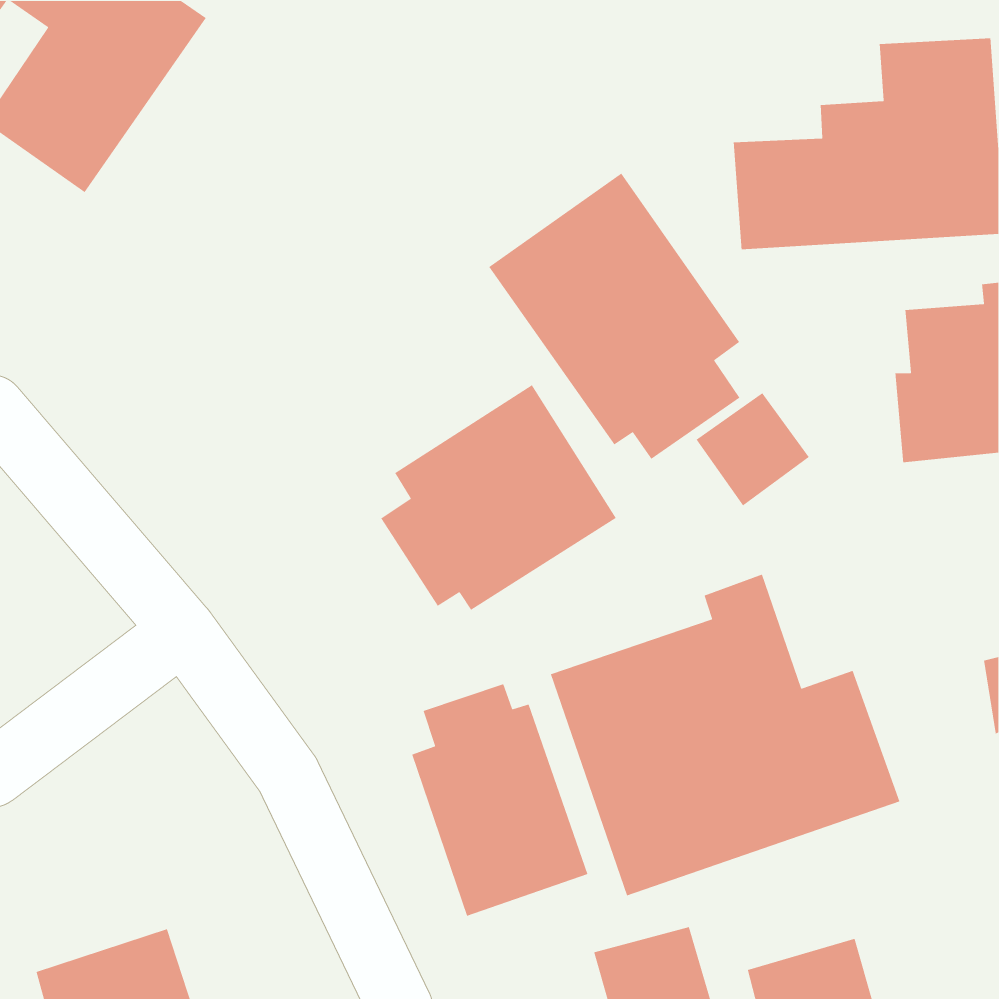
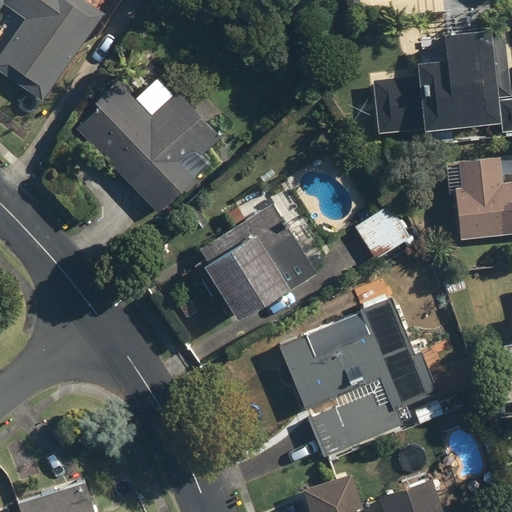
building: none -> [76,83,228,215]
building: [488,172,740,460] -> none
building: [411,683,588,917] -> none

